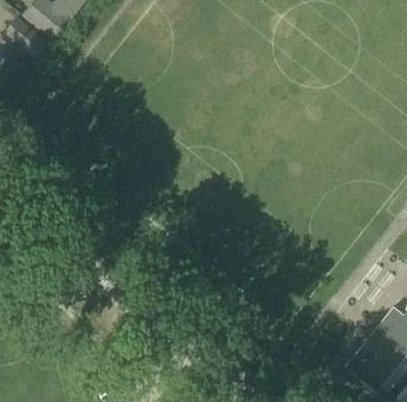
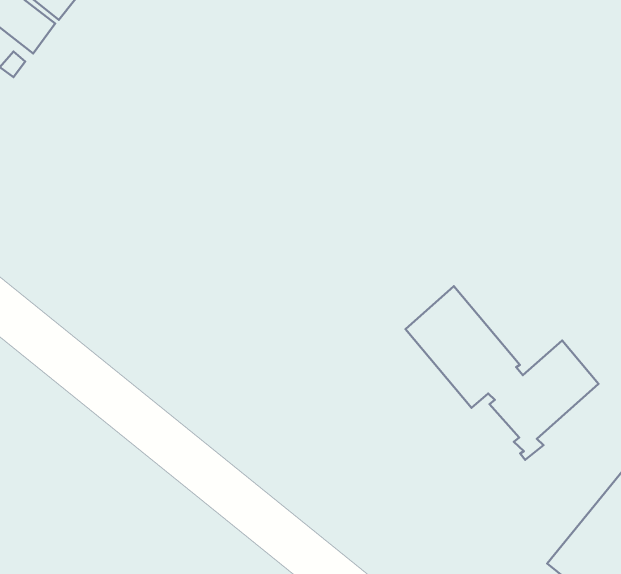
building: none -> [405,286,598,460]

